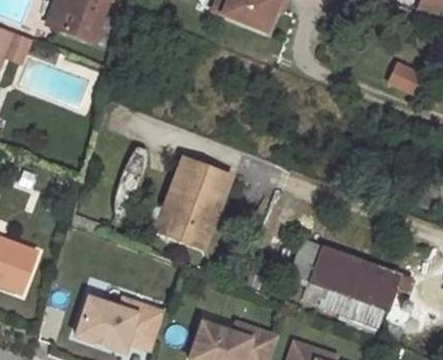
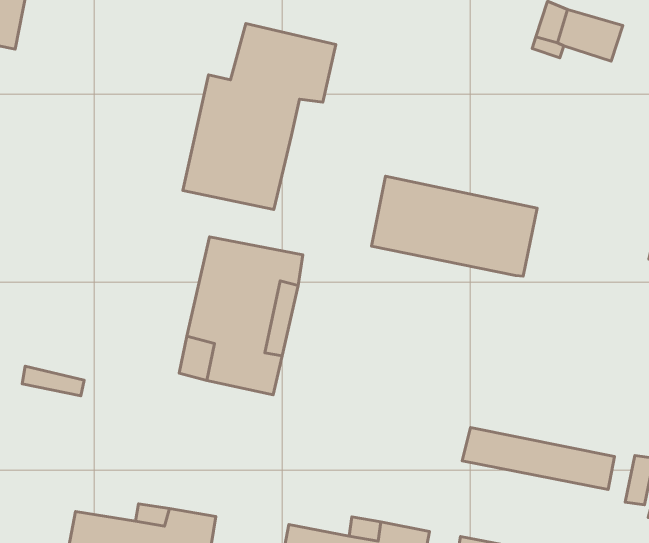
building: none -> [183,23,336,209]
building: [309,245,402,311] -> [371,176,537,276]

